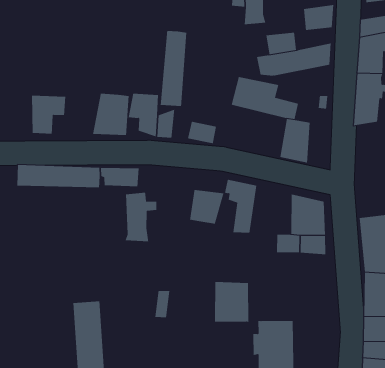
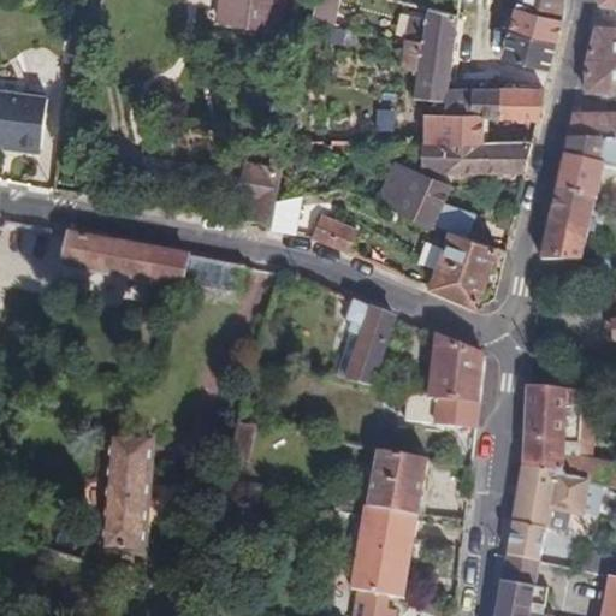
building: none -> [436,84,498,116]
building: [160,30,187,107] -> none
building: [93,93,129,136] -> none
building: [32,95,66,134] -> none
building: [189,189,224,224] -> none
building: [125,192,157,242] -> none
building: [214,282,249,322] -> [369,449,426,513]

